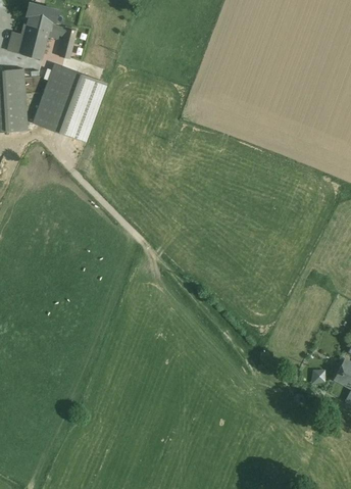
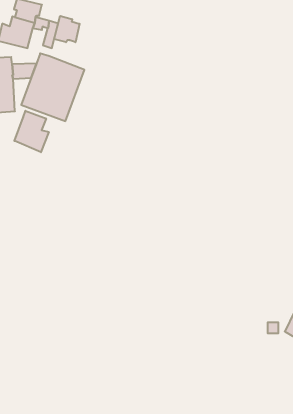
building: none -> [54,16,80,42]
building: none -> [14,111,49,152]

